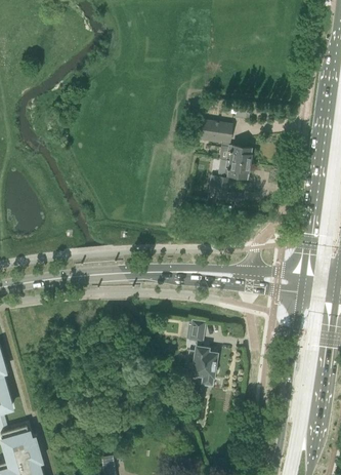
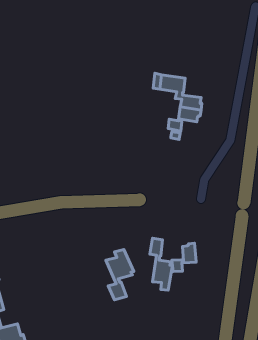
building: none -> [172,243,196,271]
building: none -> [106,249,134,300]

